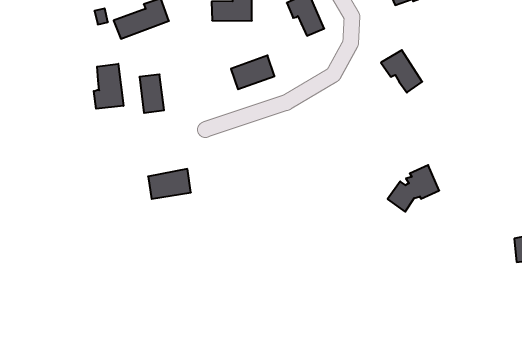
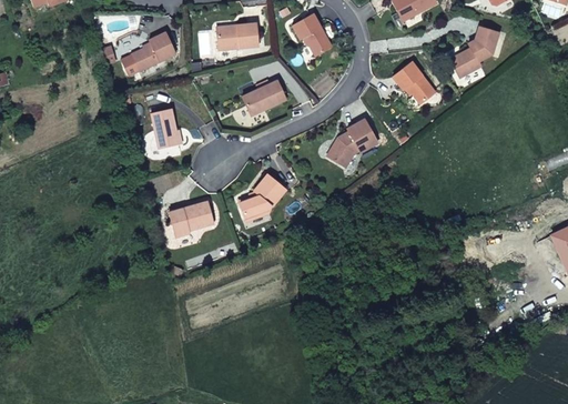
building: none -> [449,27,498,78]
building: [94,64,123,109] -> none
building: none -> [239,174,286,219]
building: [388,165,439,212] -> [326,119,377,168]

